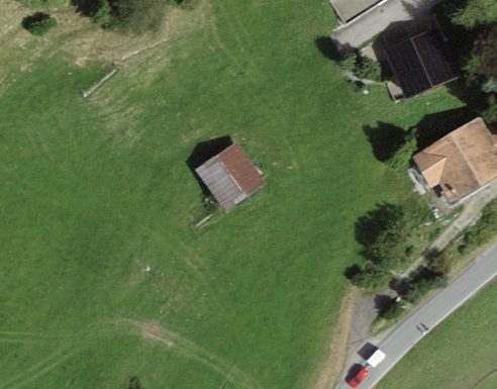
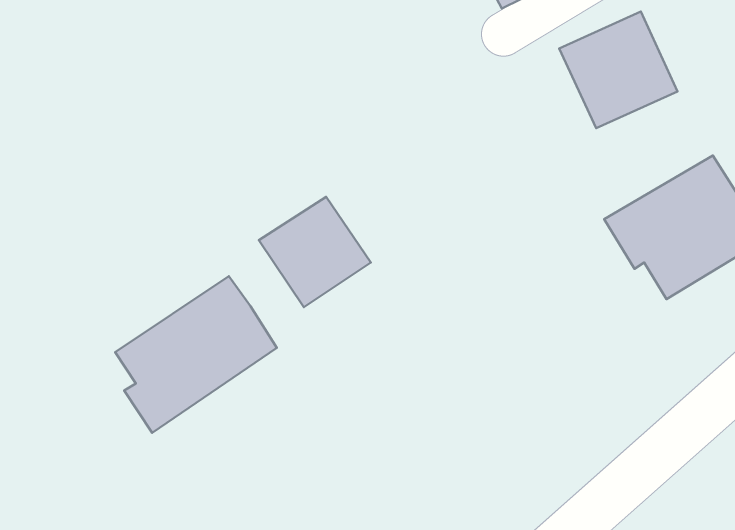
building: none -> [115,276,277,433]

